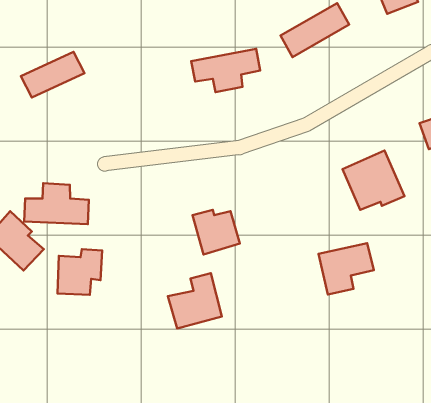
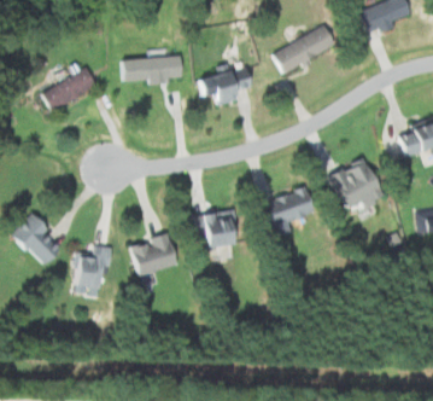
building: none -> [121,56,187,83]
building: [24,183,89,224] -> none
building: [318,243,374,294] -> [262,191,311,237]
building: [168,273,222,329] -> [130,226,179,275]

